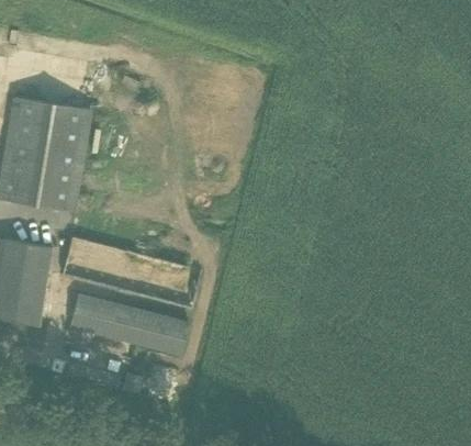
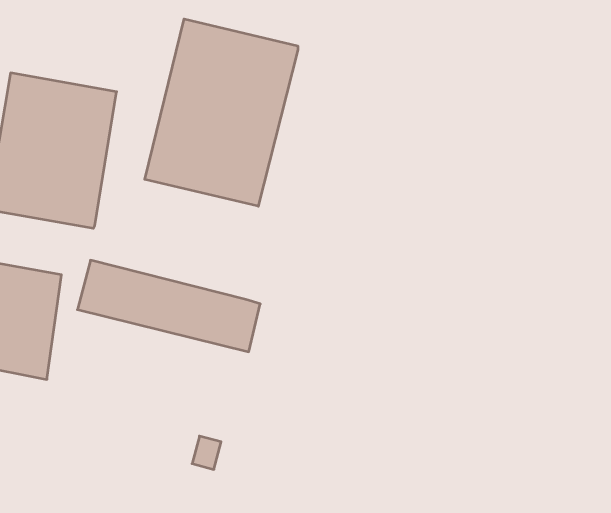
building: none -> [145,19,298,206]
building: [69,294,188,355] -> none

